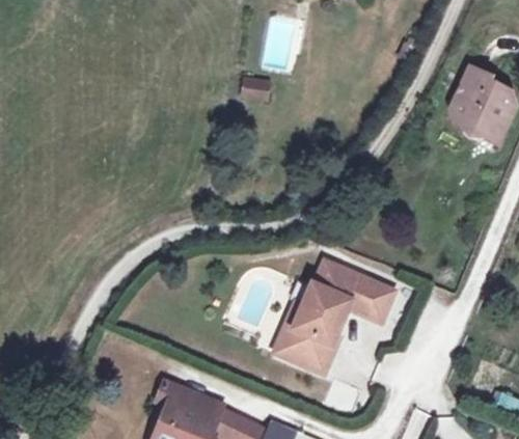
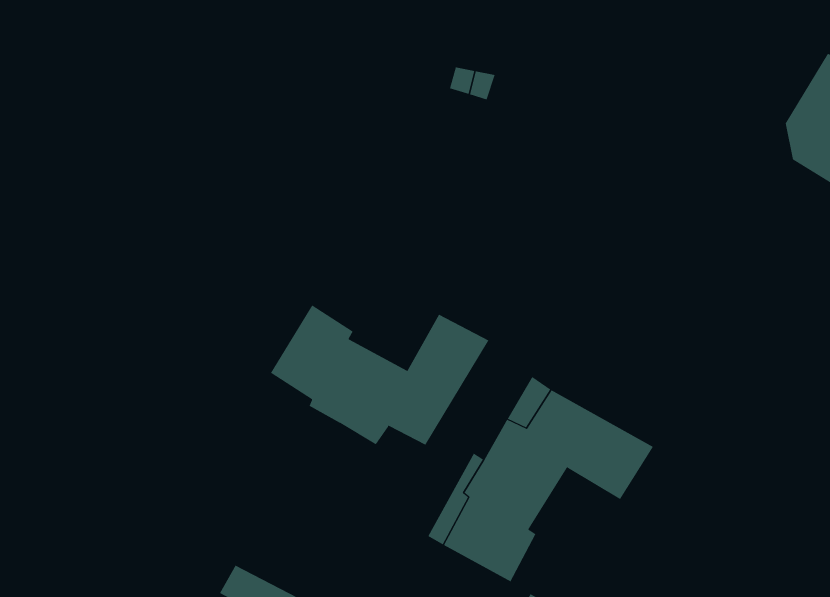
building: none -> [270,305,489,446]

